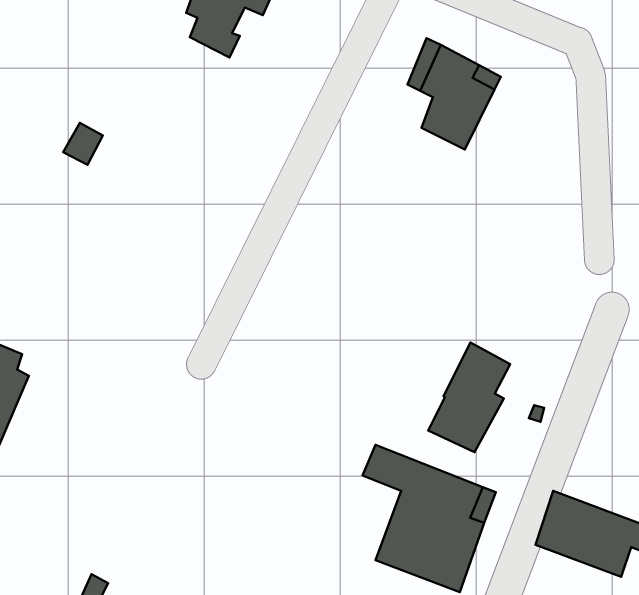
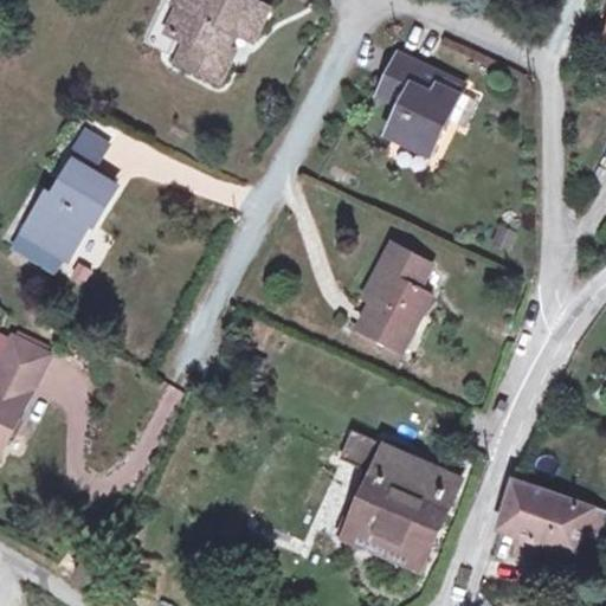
building: none -> [11,168,104,271]
building: [428,342,510,452] -> [353,247,428,349]

